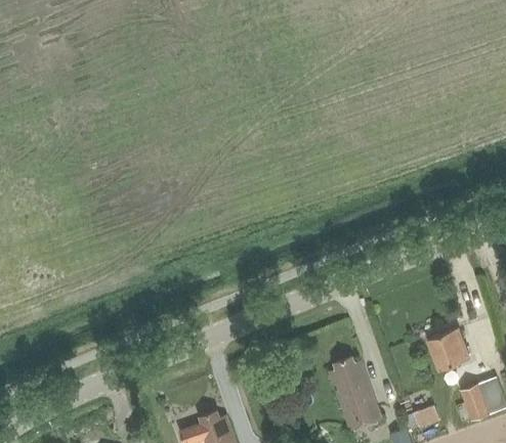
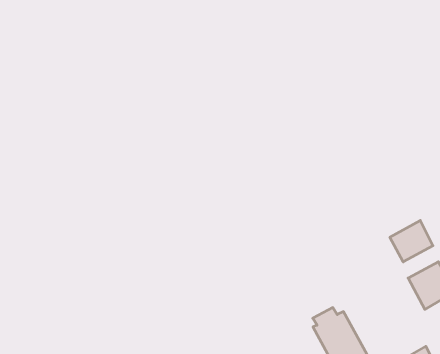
building: none -> [390,220,433,262]

